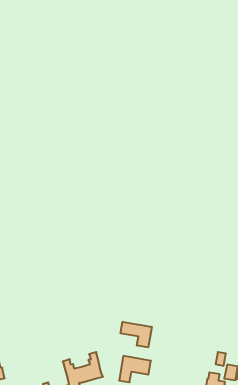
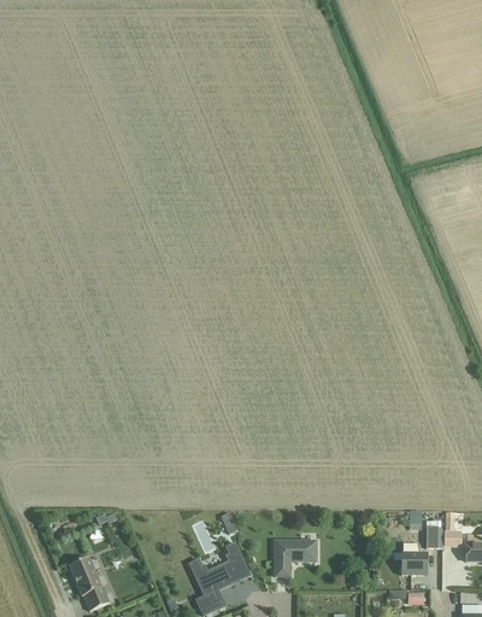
building: [121,322,152,347] -> none

